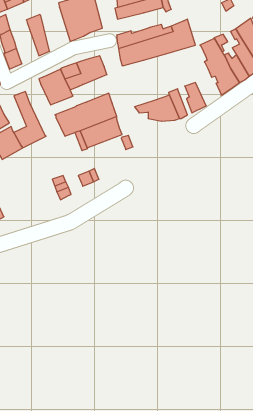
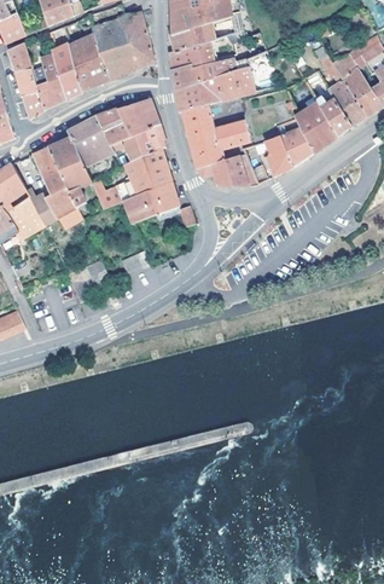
building: none -> [70,33,110,92]
building: none -> [169,40,215,70]
building: none -> [35,53,68,109]
building: none -> [182,104,251,167]
building: none -> [122,123,168,161]
building: none -> [279,126,314,166]
building: none -> [50,137,91,207]

